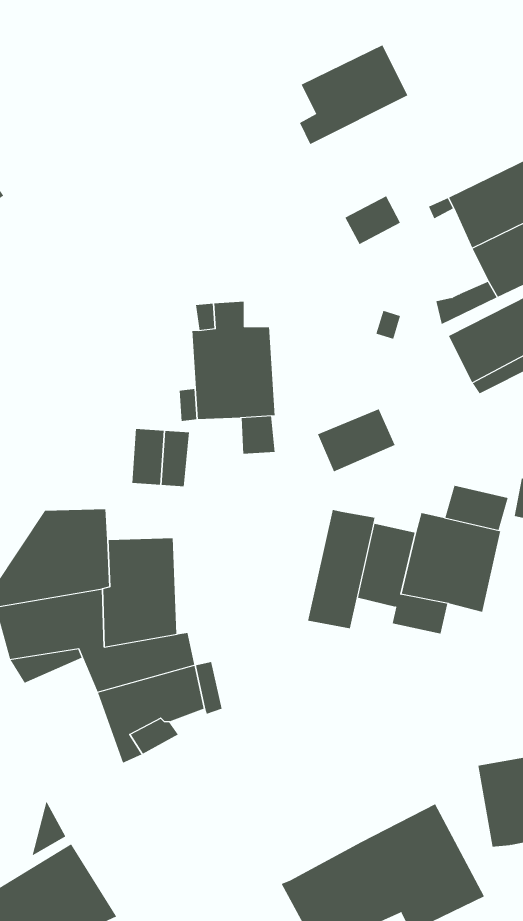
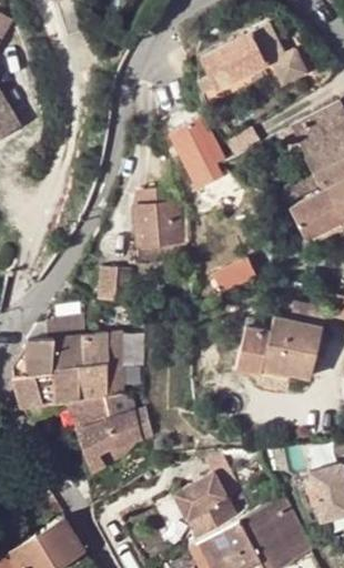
building: none -> [251,22,306,84]
building: none -> [169,112,227,187]
building: [308,509,375,629] -> none
building: none -> [174,474,237,539]

